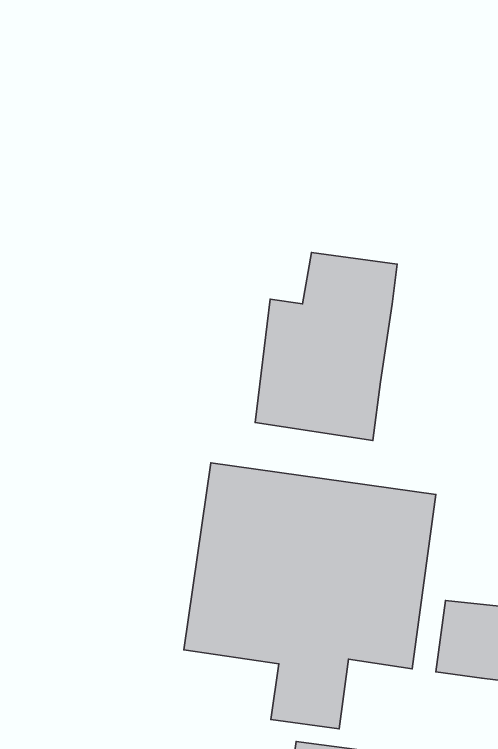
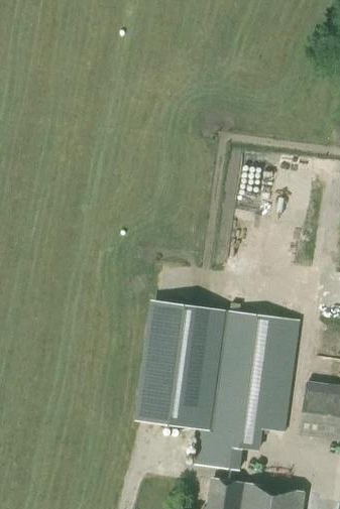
building: [255,252,397,441] -> none

